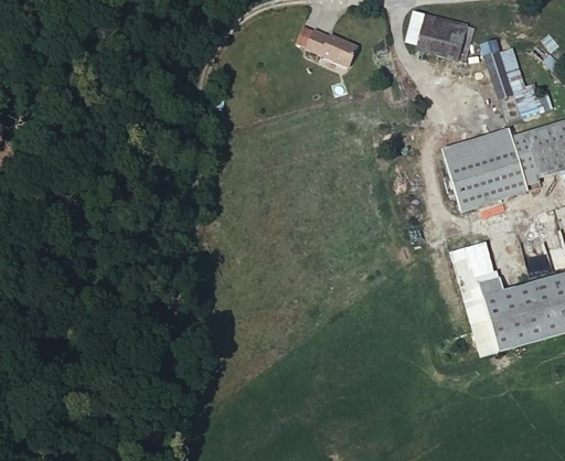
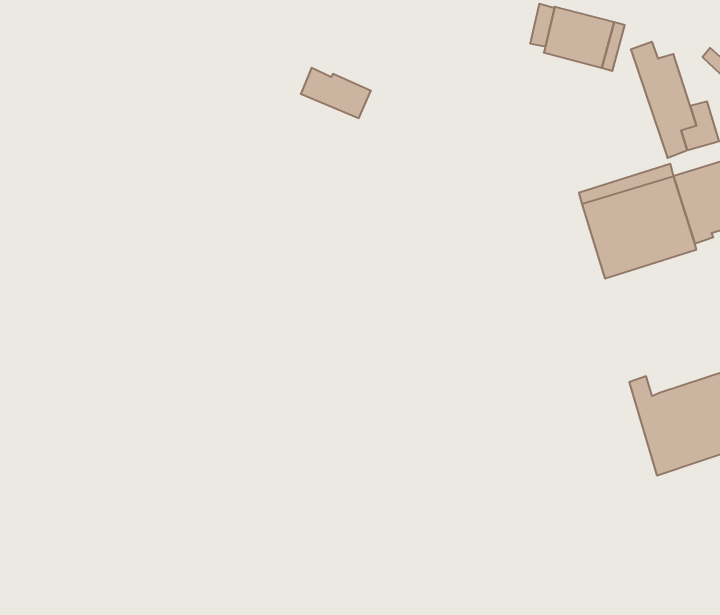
building: [308,31,359,67] -> [301,68,371,118]
building: [448,240,501,358] -> none

